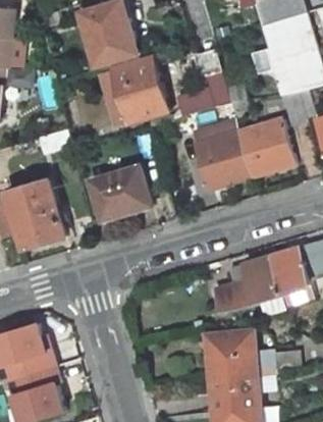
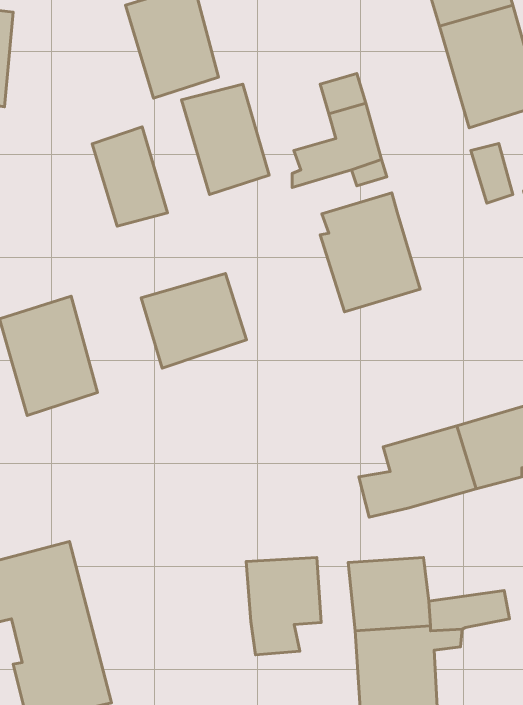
building: none -> [92,127,168,226]
building: [236,119,292,176] -> none
building: none -> [246,558,321,655]

